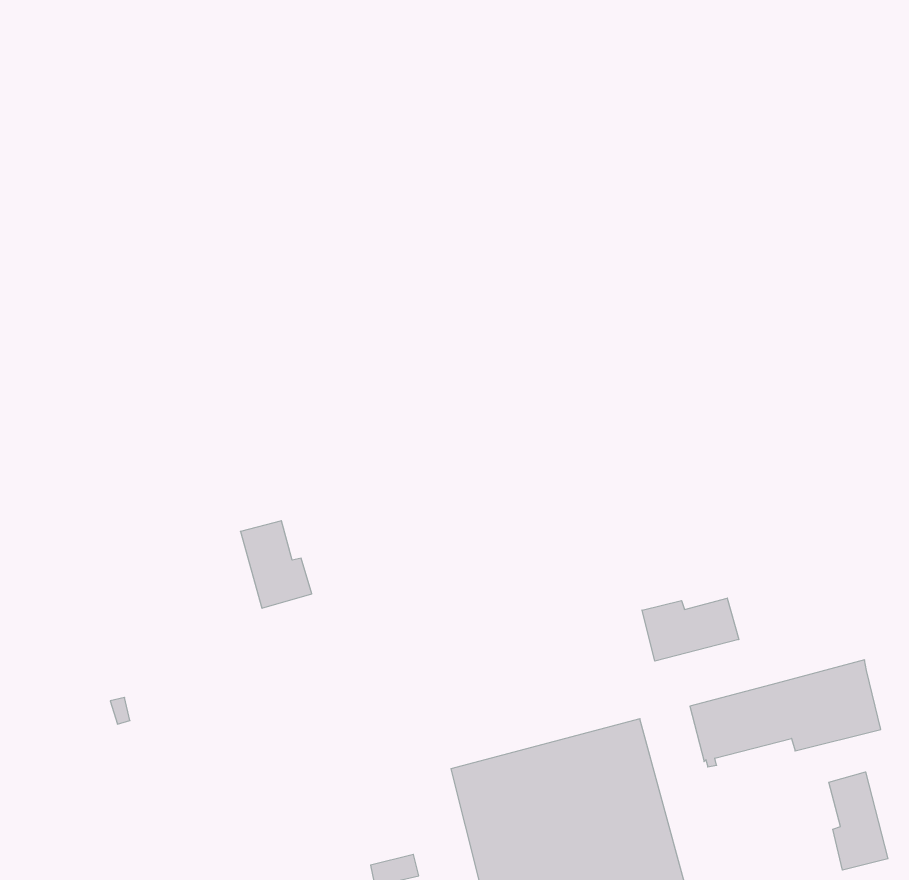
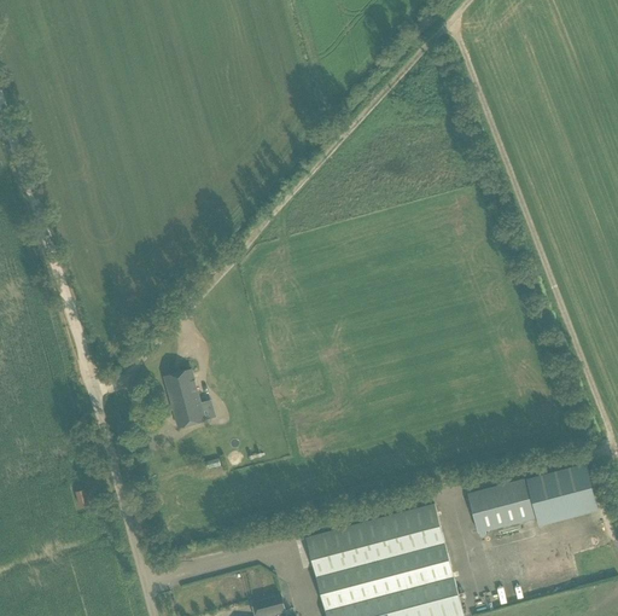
building: [642,598,739,661] -> none
building: [829,772,888,870] -> none

